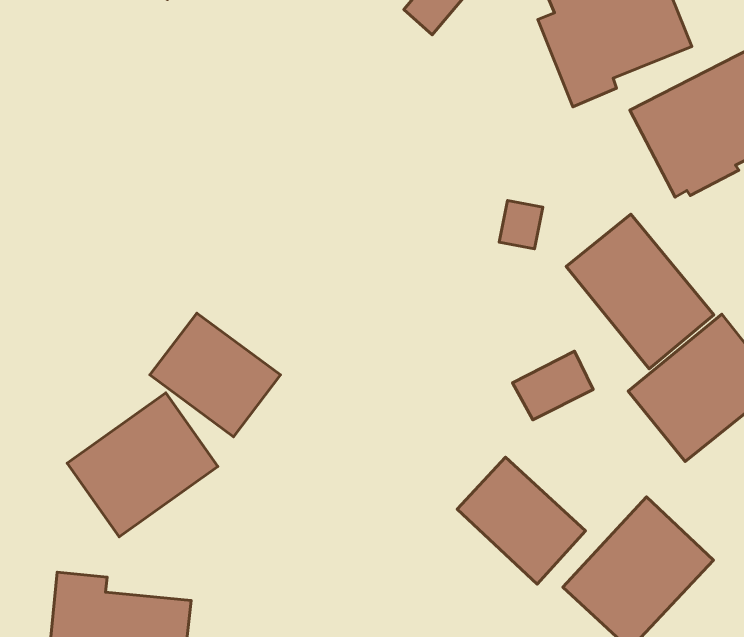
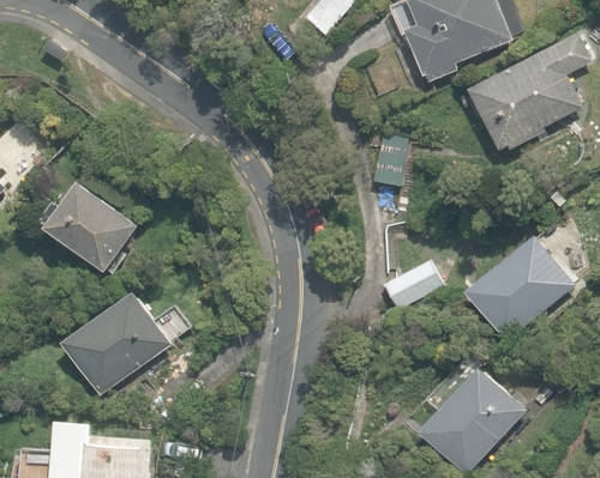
building: [566,214,714,369] -> none
building: [150,313,280,437] -> [44,181,138,270]
building: [457,457,585,584] -> none

